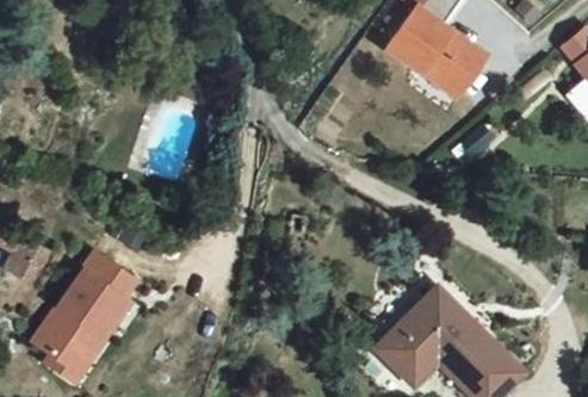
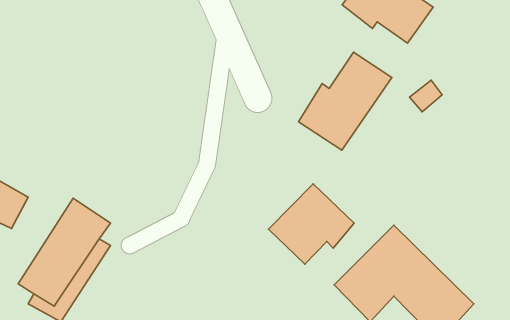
building: none -> [298,52,392,150]
building: none -> [269,184,354,264]

